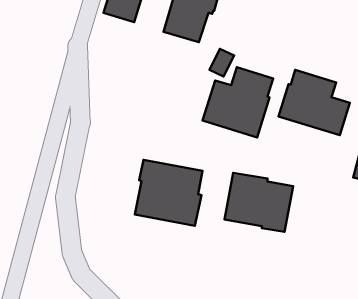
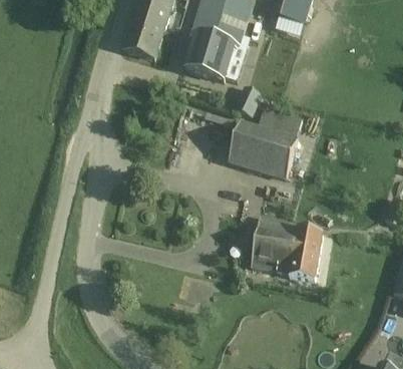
building: [278,70,350,135] -> none
building: [135,160,202,226] -> none

